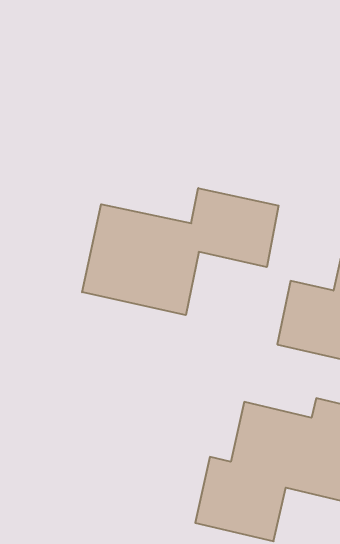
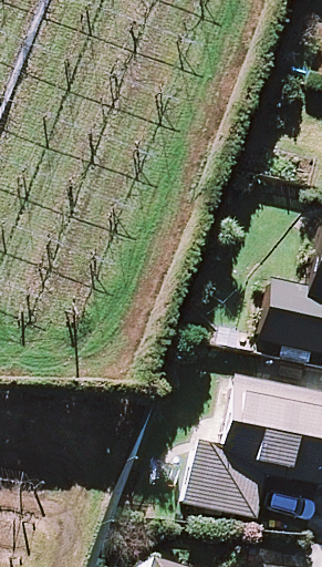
building: [82,188,279,315] -> none

